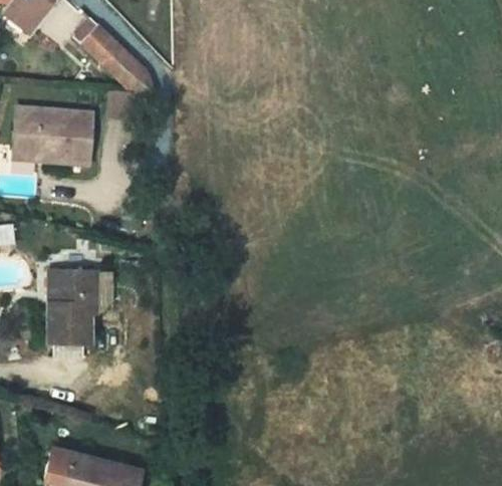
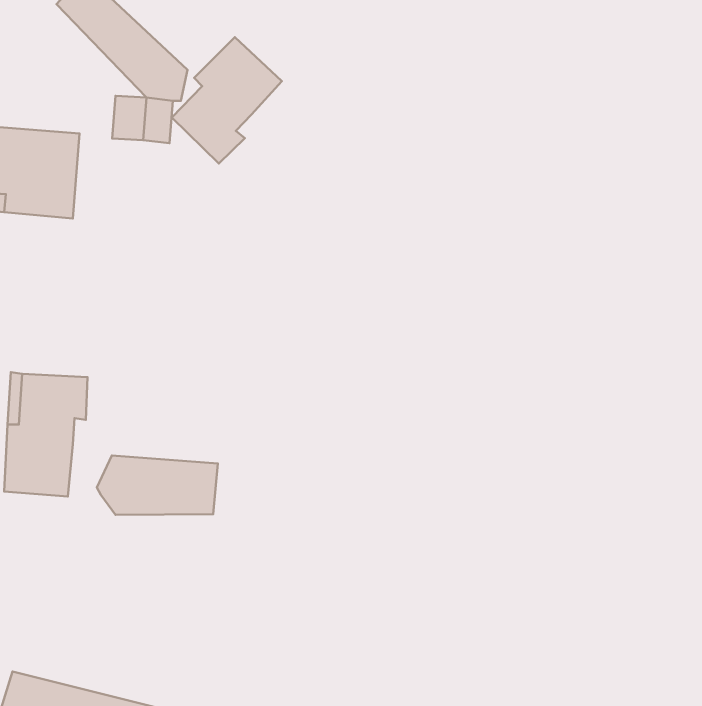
building: none -> [172,37,282,164]
building: none -> [97,455,218,515]

